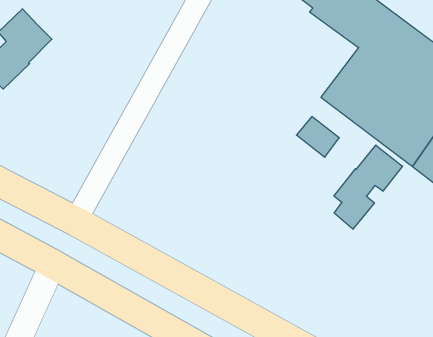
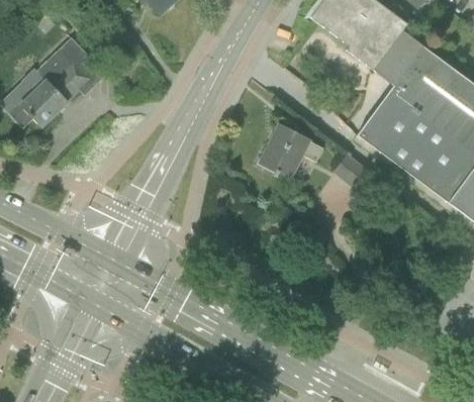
building: none -> [257,125,324,176]
building: [334,145,403,229] -> none

